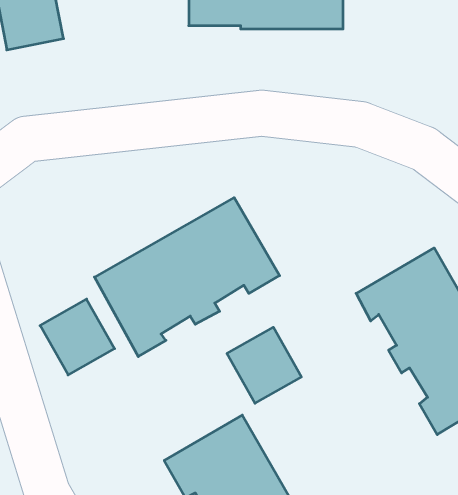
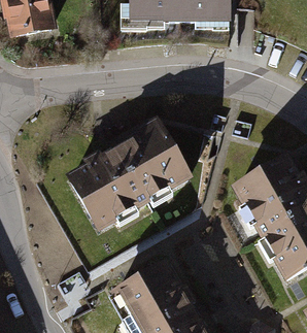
building: [40,299,115,375] -> none
building: [227,327,301,403] -> none

